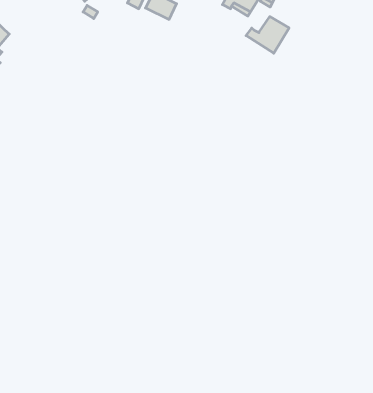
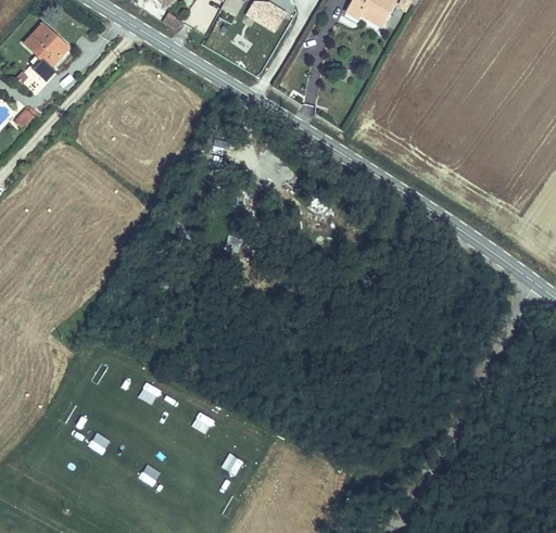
building: [246,17,289,53] -> none

